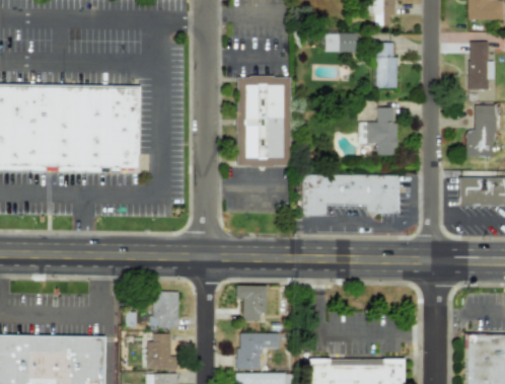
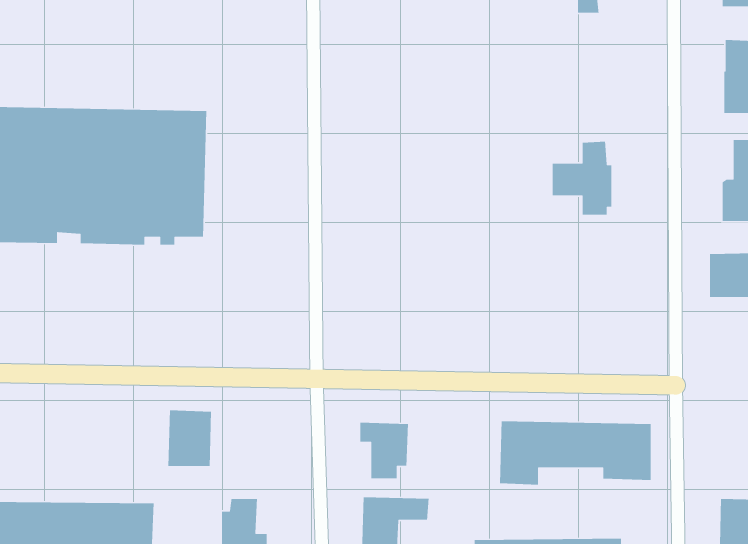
building: [326,32,357,53] -> none
building: [376,43,398,87] -> none
building: [236,76,291,165] -> none
building: [301,173,399,215] -> [499,420,652,486]
building: [151,291,179,327] -> [168,410,212,467]

